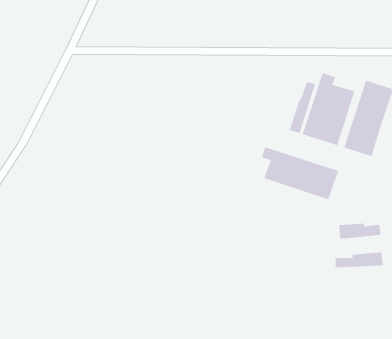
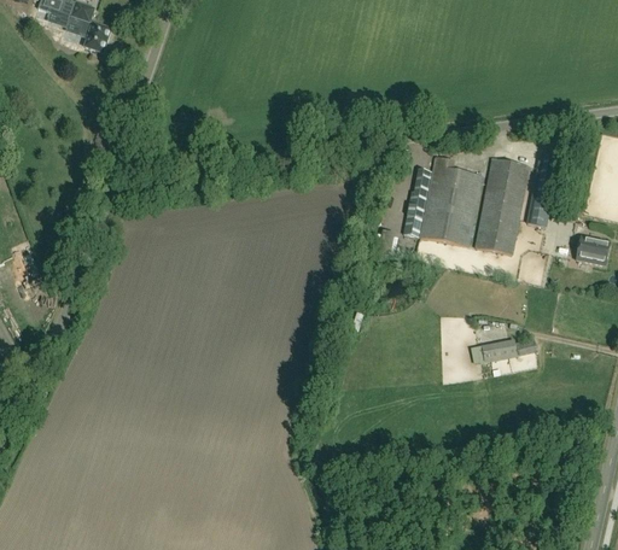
building: [261,146,339,200] -> none
building: [335,252,383,268] -> none

